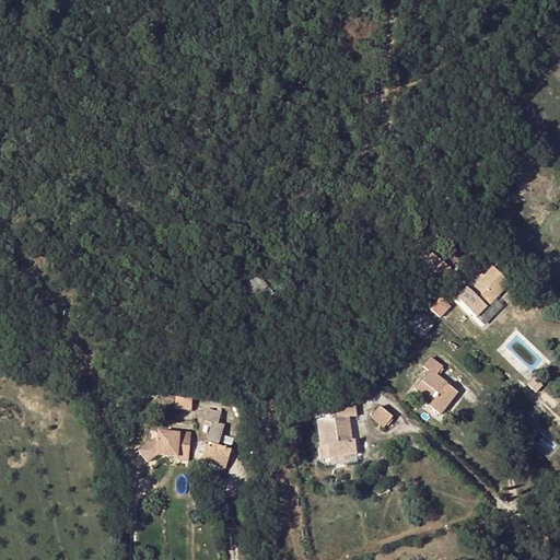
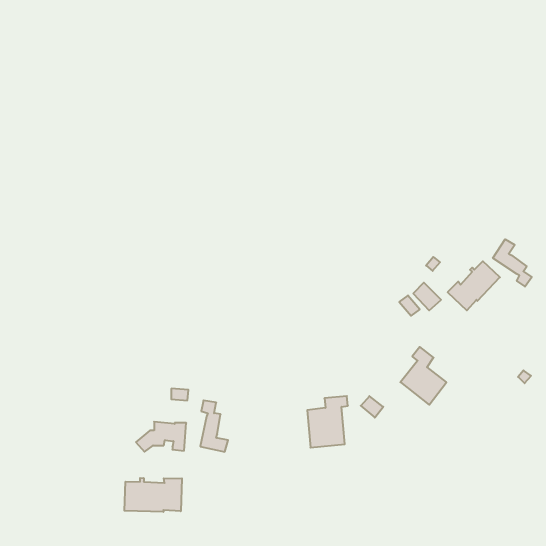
building: none -> [493,239,532,287]
building: none -> [124,478,182,512]

